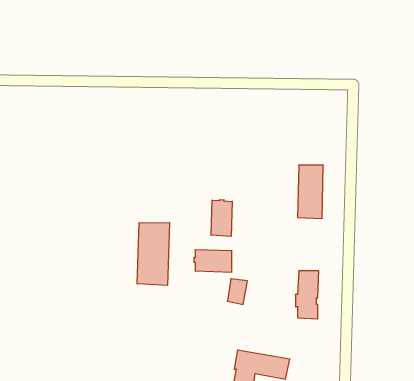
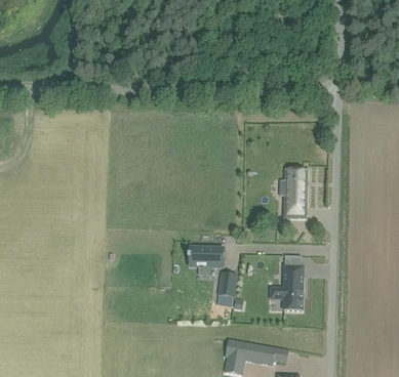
building: [211,200,232,236] -> none
building: [137,223,169,285] -> none

